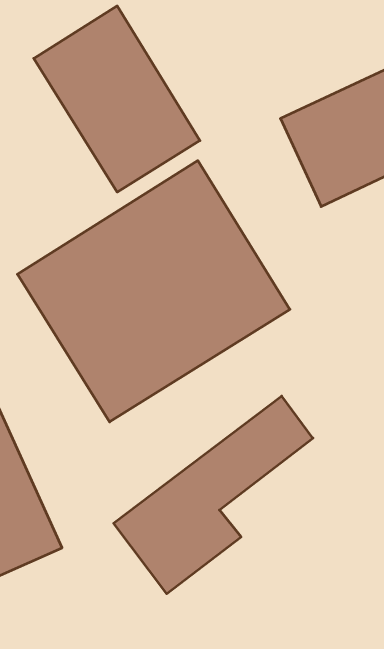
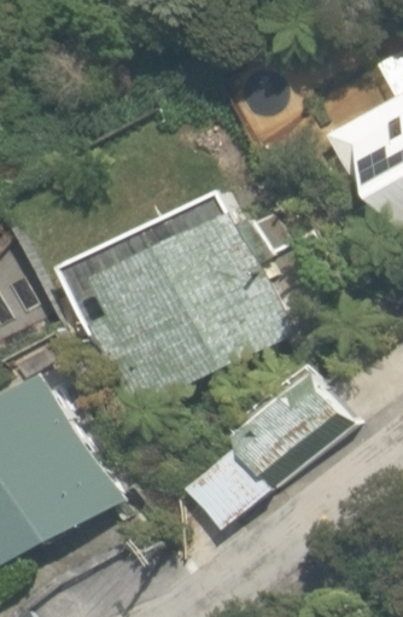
building: [34,6,200,192] -> none

